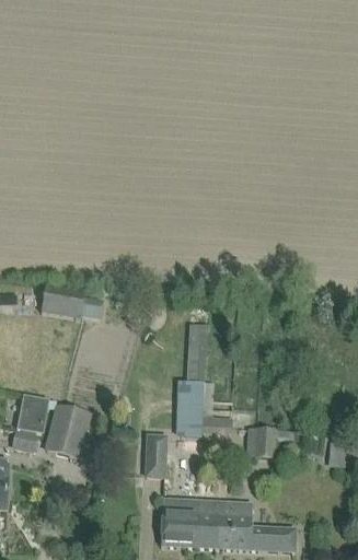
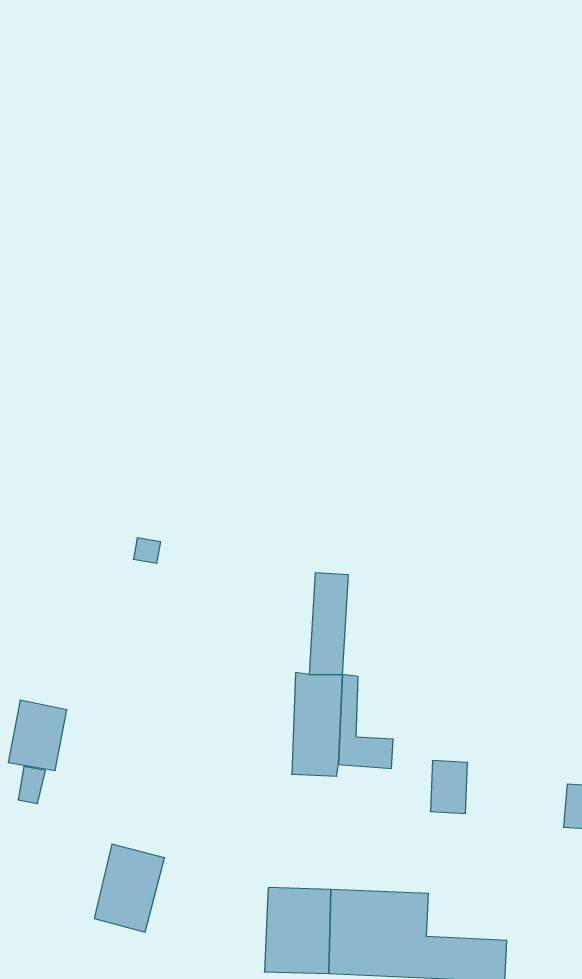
building: [42,281,86,318] -> none
building: [47,407,86,456] -> [94,844,165,932]
building: [147,435,168,472] -> none

